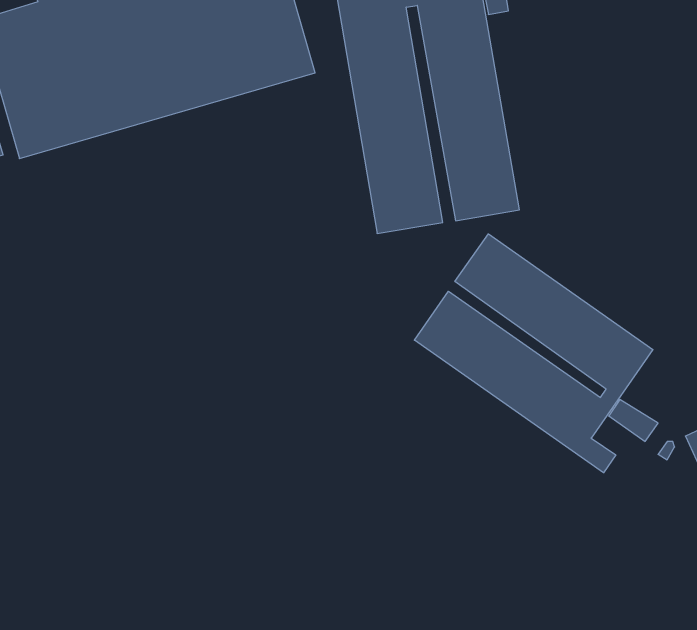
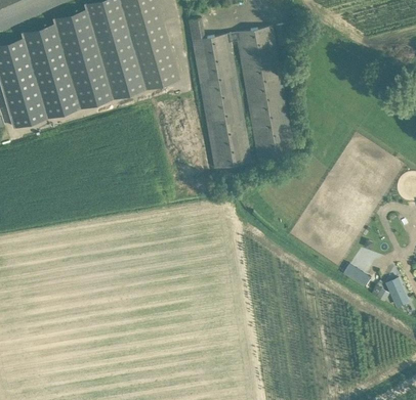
building: [414,234,653,473] -> none

